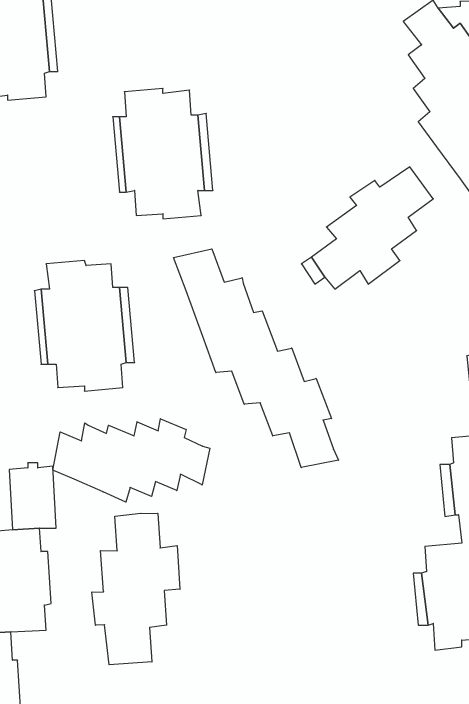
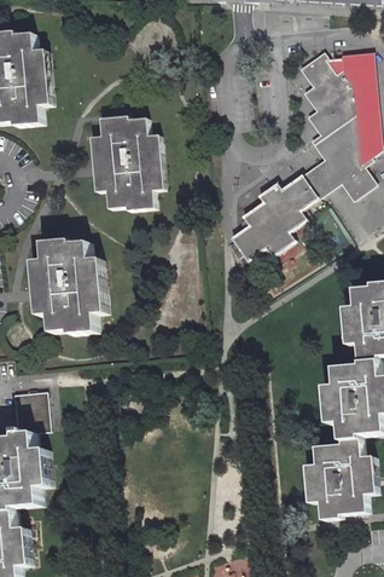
building: none -> [303,157,339,195]
building: [174,249,338,468] -> none
building: [53,419,210,502] -> none
building: [92,513,180,665] -> none

